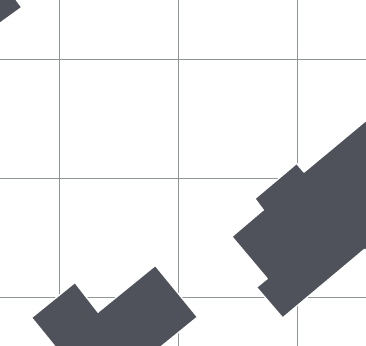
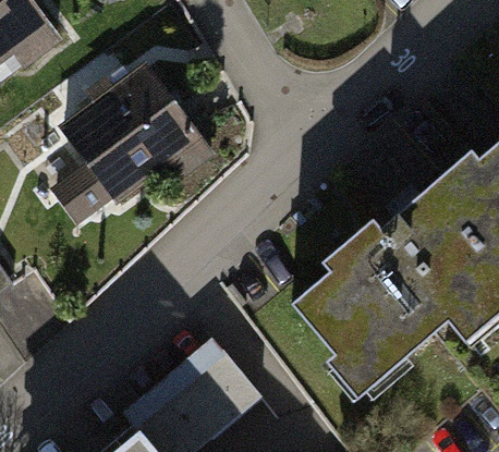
building: none -> [71,81,210,220]

